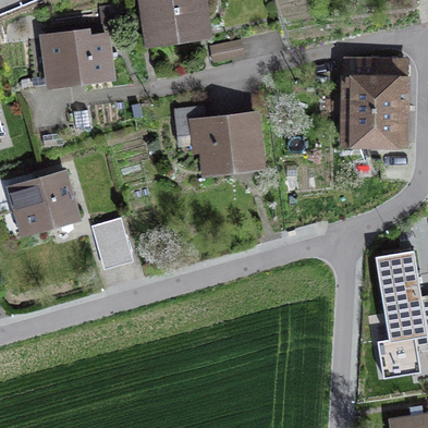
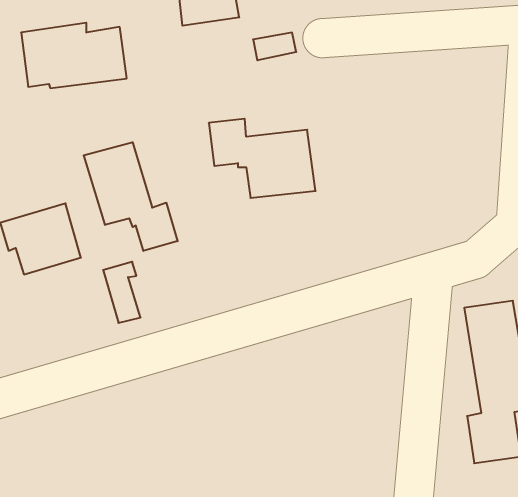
building: [351,61,400,137] -> none
building: none -> [84,142,178,251]

